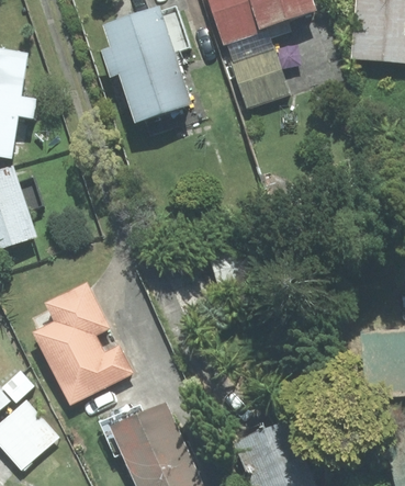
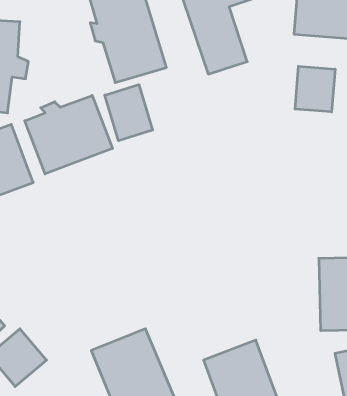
building: none -> [295,66,335,112]
building: none -> [105,85,153,141]
building: none -> [25,95,112,174]
building: [32,280,137,409] -> none

